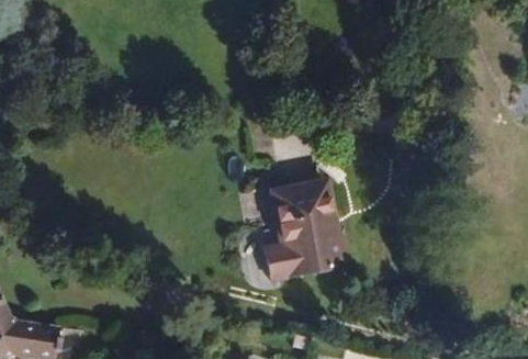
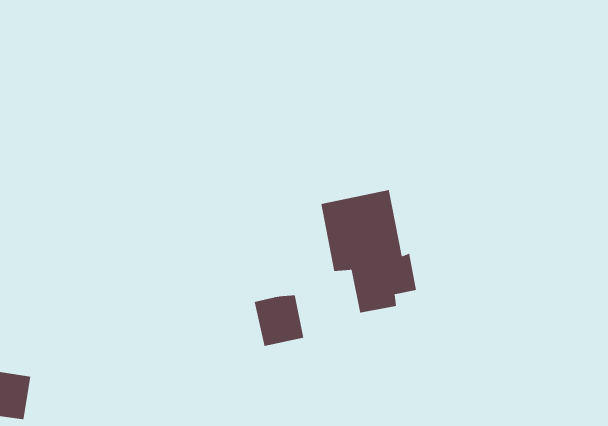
building: [266,237,304,277] -> [254,295,304,347]

